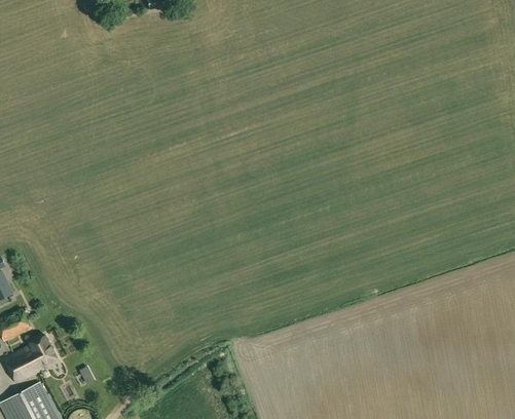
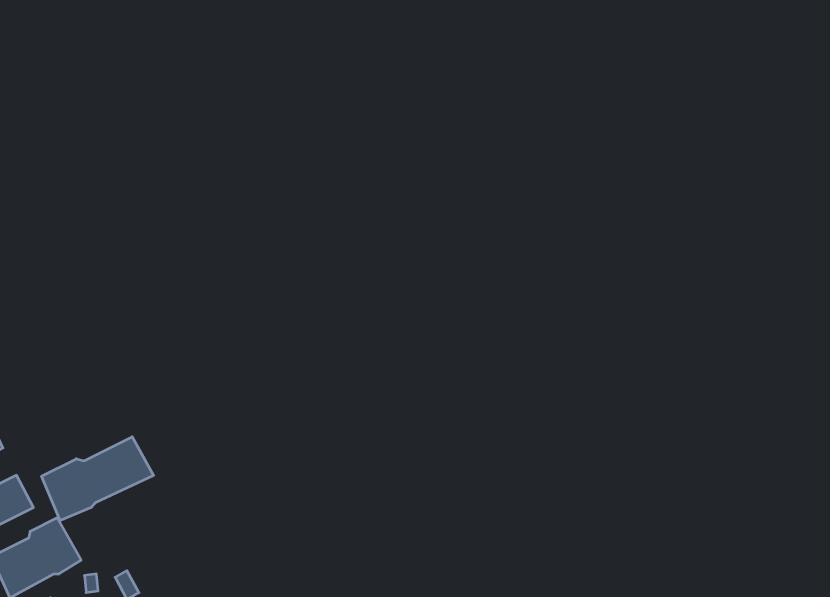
building: none -> [42,437,154,520]

